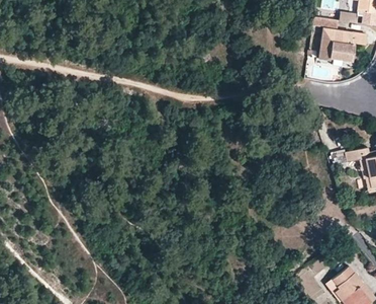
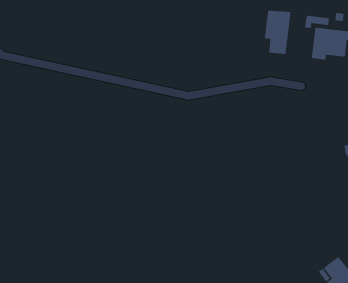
building: none -> [264,10,292,55]

